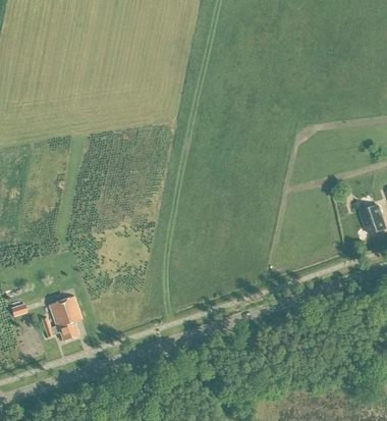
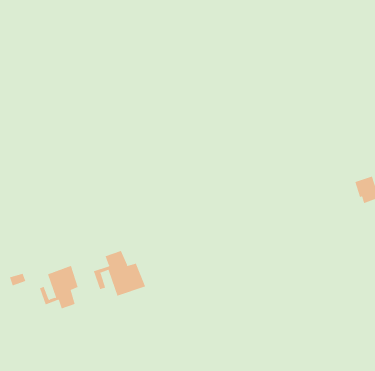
building: none -> [93,250,146,296]

